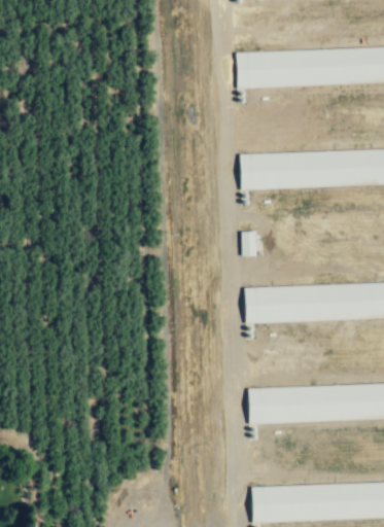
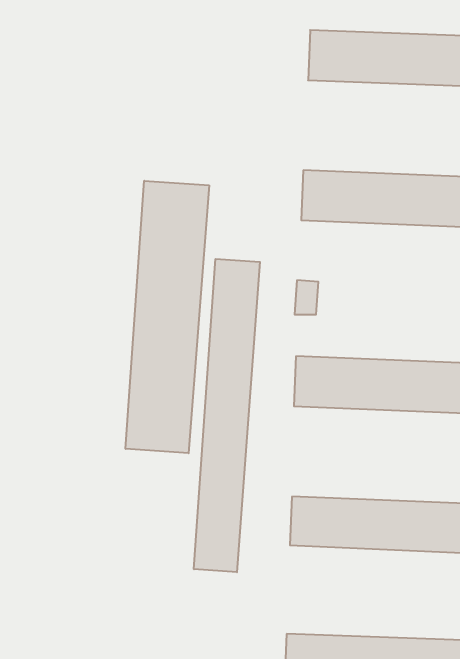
building: none -> [126,181,209,453]
building: none -> [194,259,260,572]

